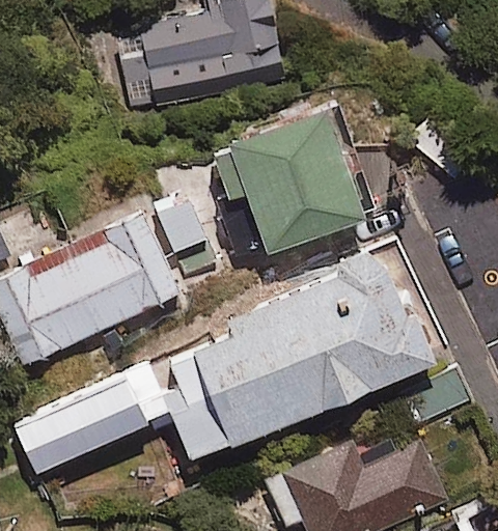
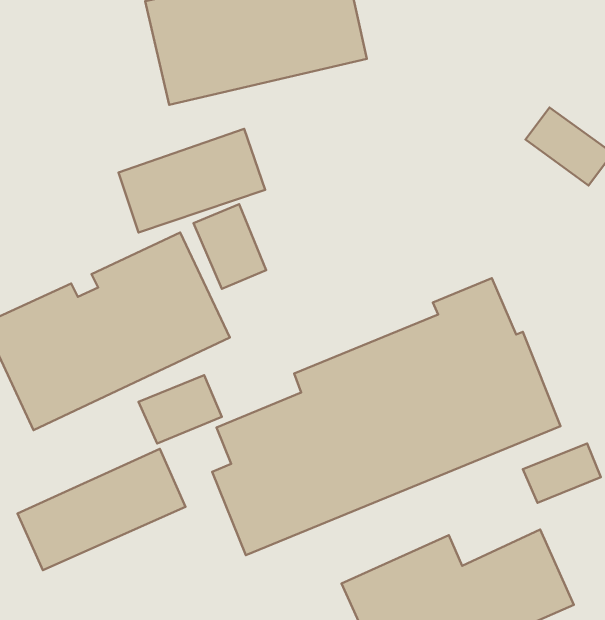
building: [214,107,364,254] -> none
building: none -> [118,129,265,233]

